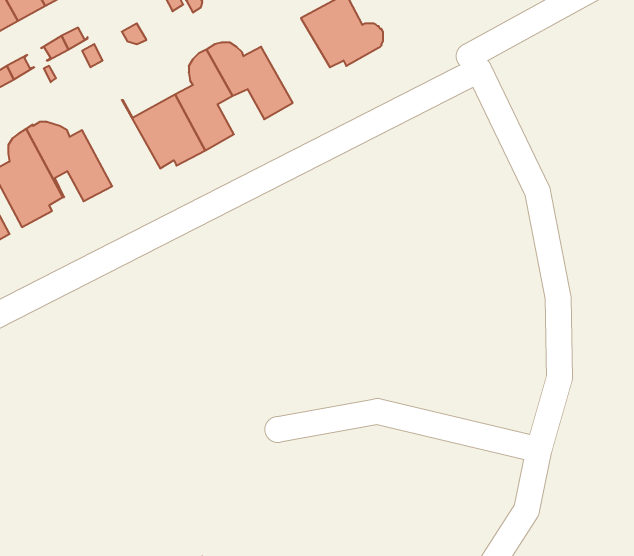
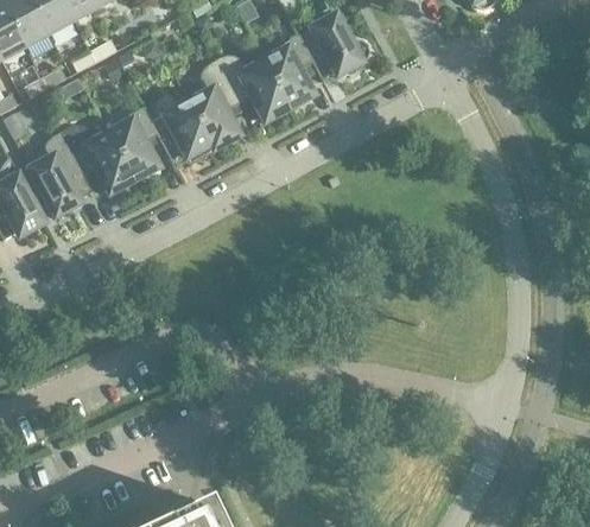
building: none -> [262,33,322,107]
building: none -> [107,104,175,179]

